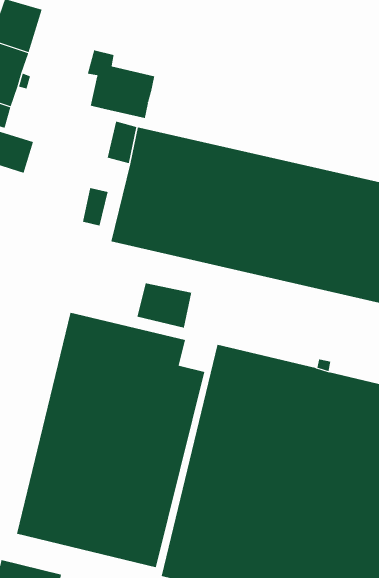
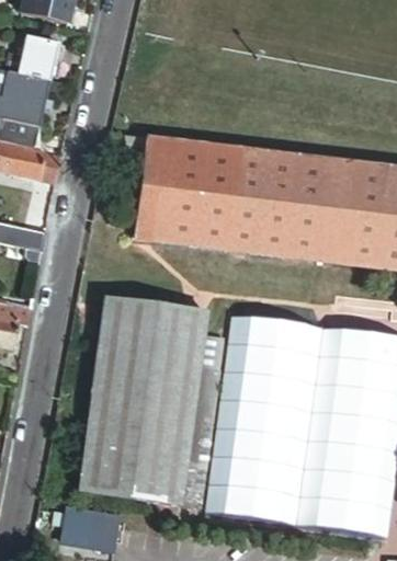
building: [87,49,155,119] -> none
building: [137,282,192,329] -> none

